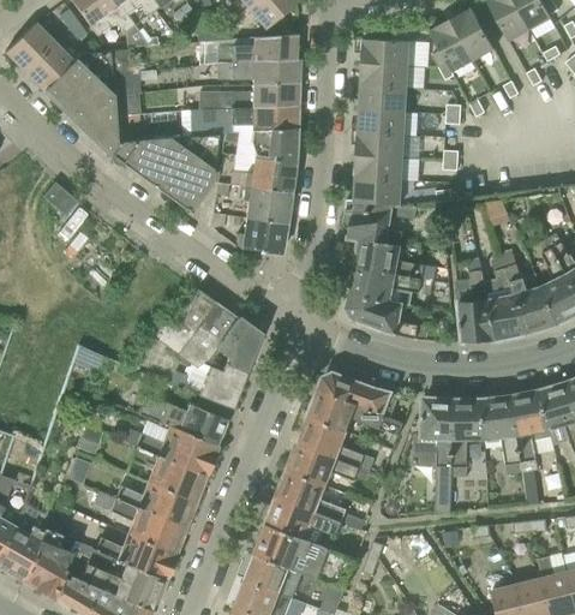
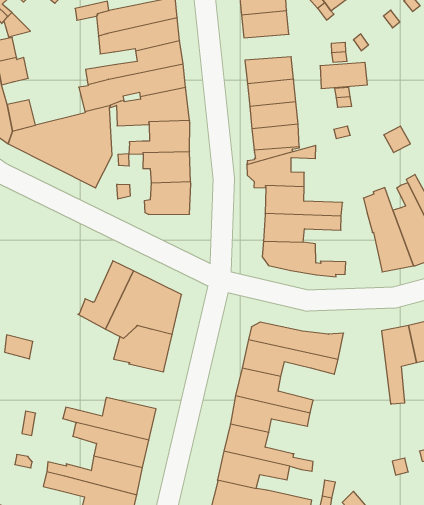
building: [360,85,408,112] -> [320,62,367,88]
building: [136,394,227,443] -> none
building: [414,398,455,488] -> none

